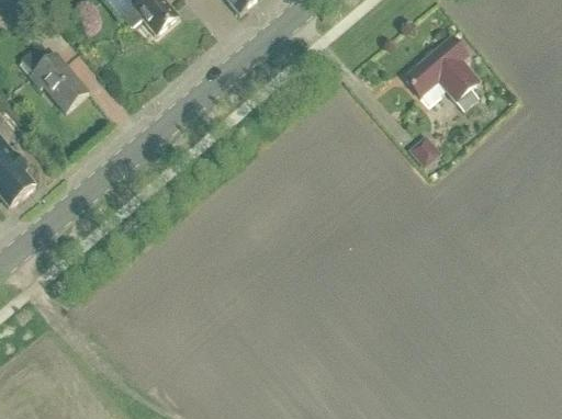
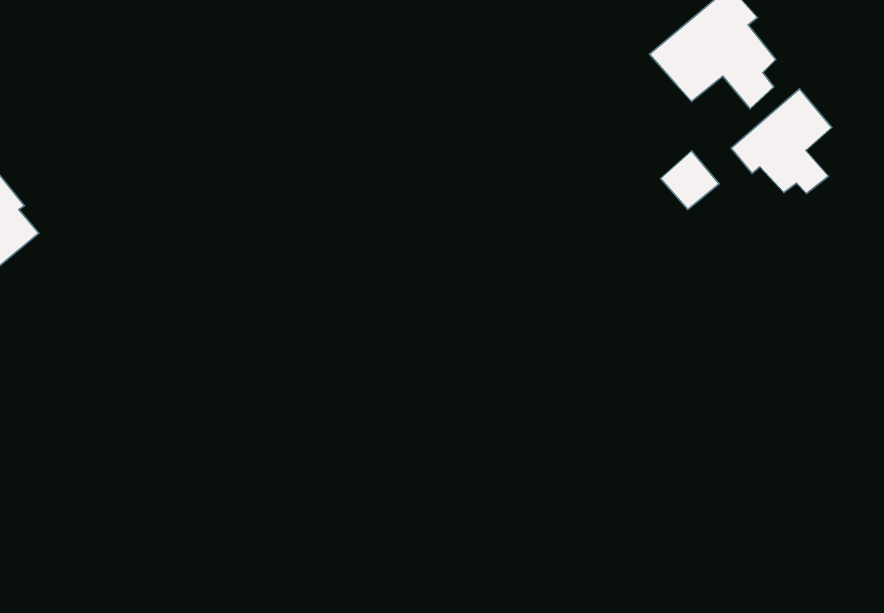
building: [29,50,87,110] -> none
building: none -> [731,89,832,194]

